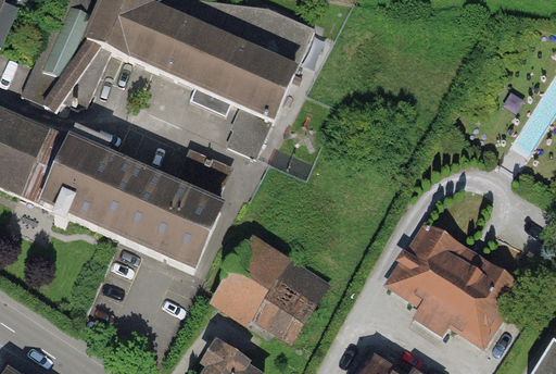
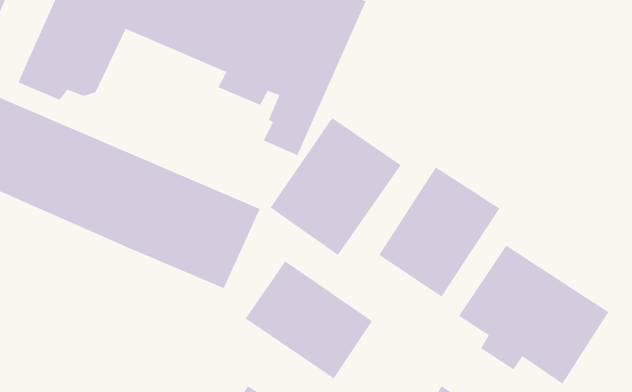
building: none -> [270,117,402,256]
building: none -> [378,167,500,297]

